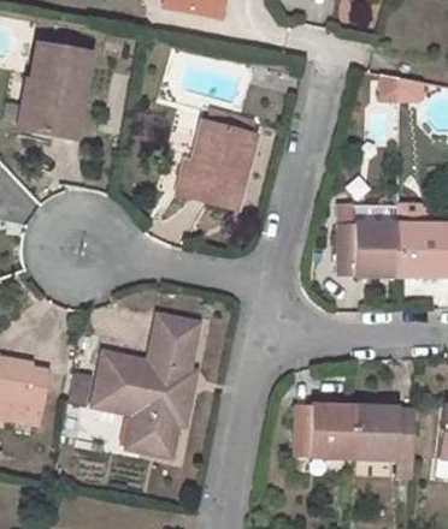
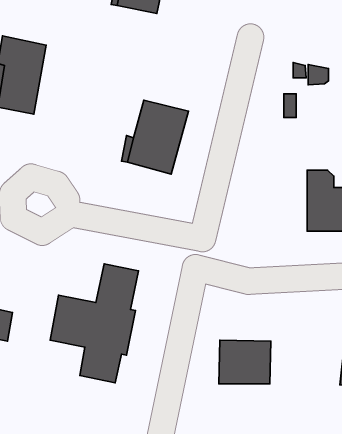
building: [337,204,399,275] -> none
building: [354,405,415,479] -> none

